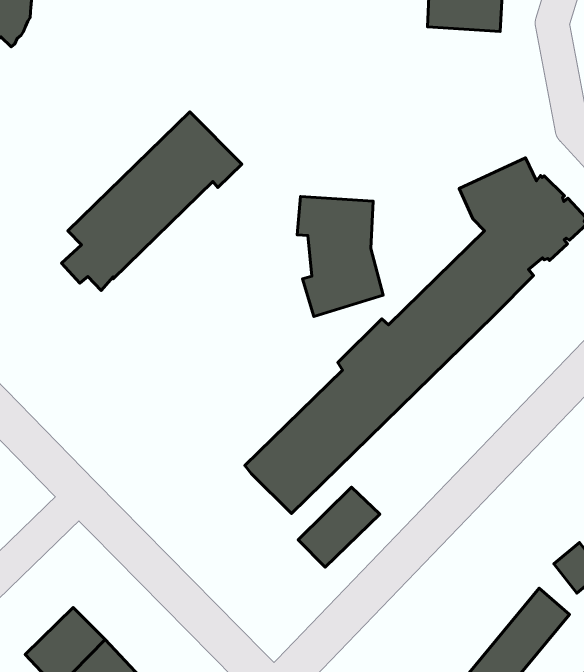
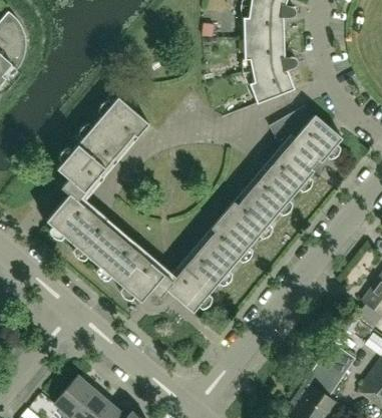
building: [297,197,383,317] -> [245,38,295,104]
building: none -> [46,192,172,304]
building: [298,487,380,567] -> none

